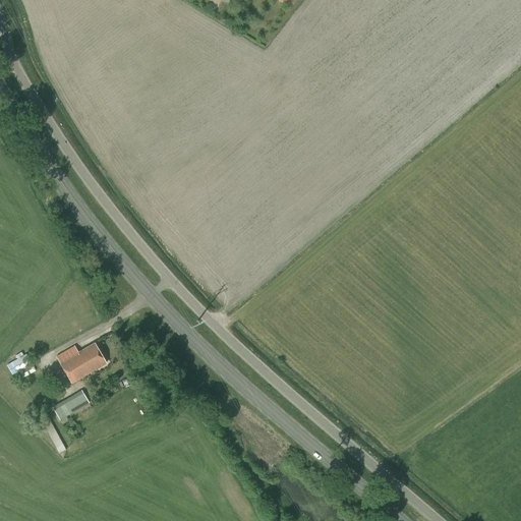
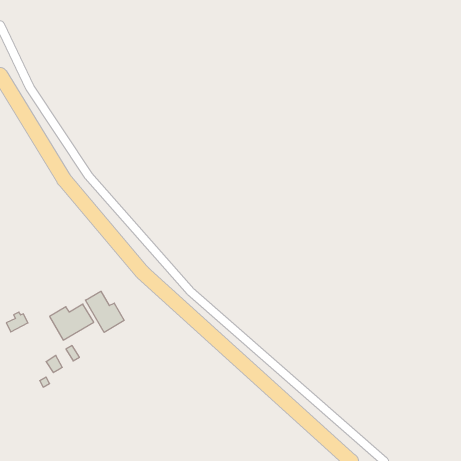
building: none -> [85,291,124,332]

